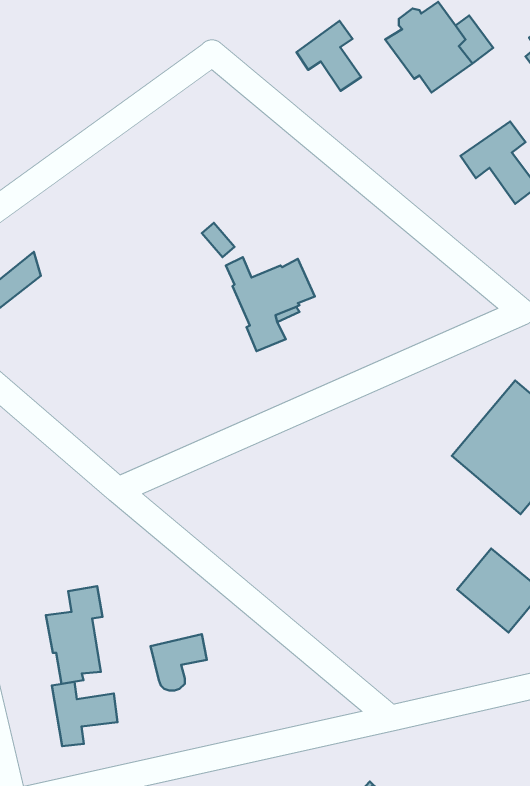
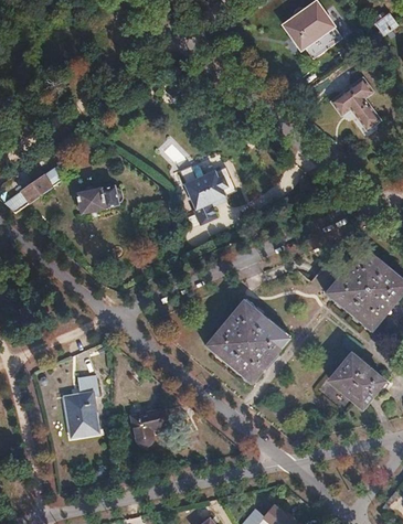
building: [297,21,361,91] -> none
building: none -> [76,185,124,213]
building: none -> [205,298,290,383]
building: [52,682,117,746] -> none

